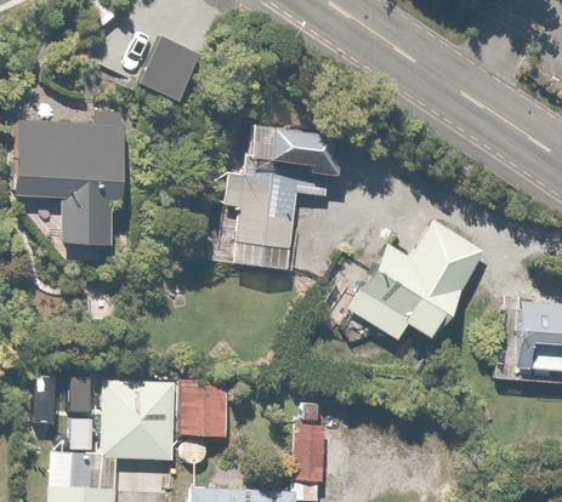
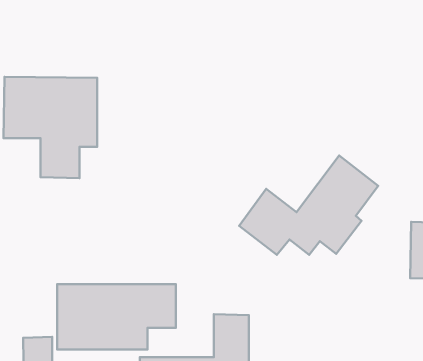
building: [141,40,200,105] -> none
building: [218,122,336,270] -> none

